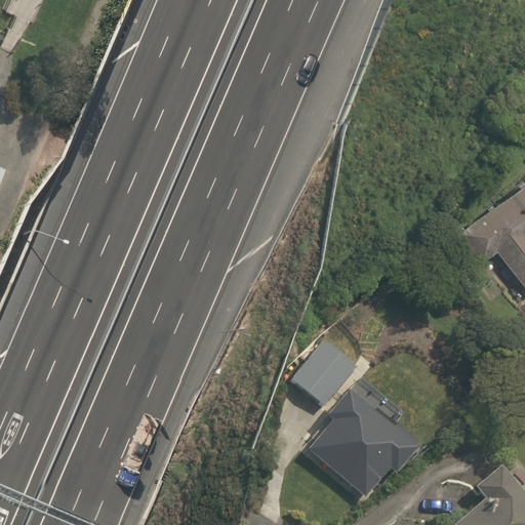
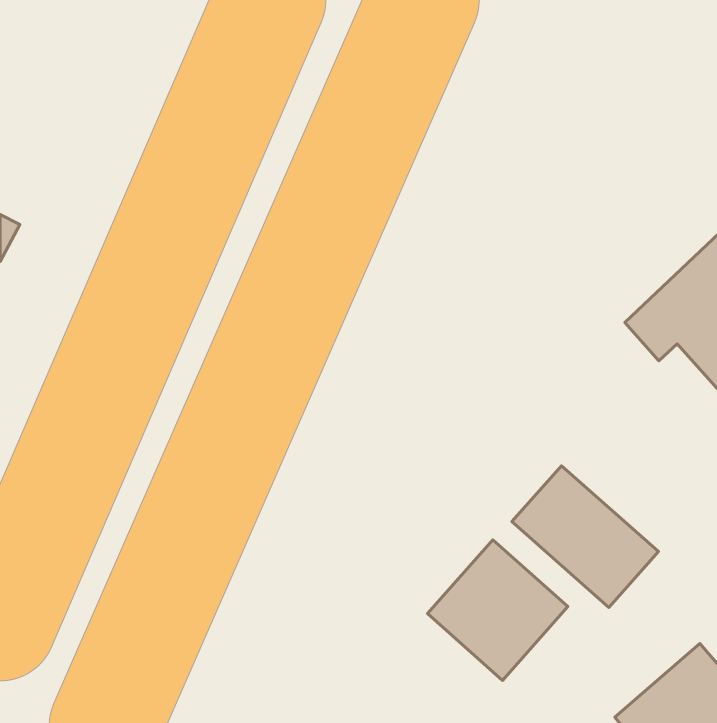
building: none -> [512,466,658,607]
building: [293,346,356,408] -> none

